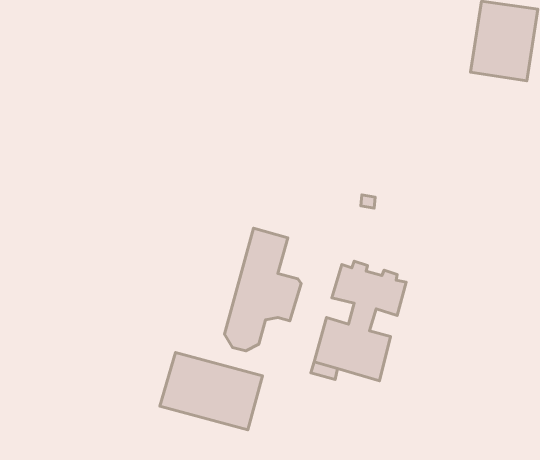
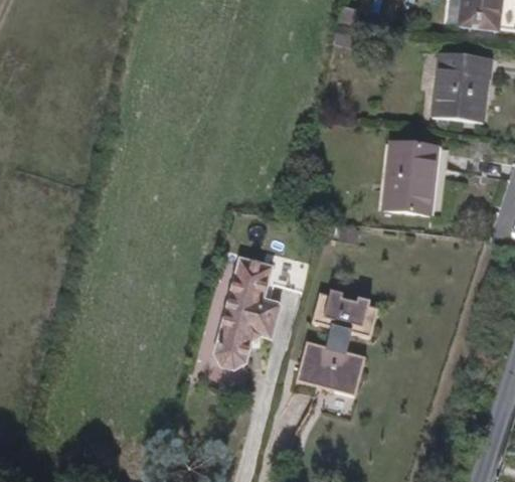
building: none -> [385,140,447,214]
building: [160,352,262,430] -> none

